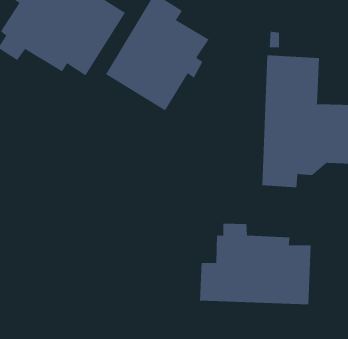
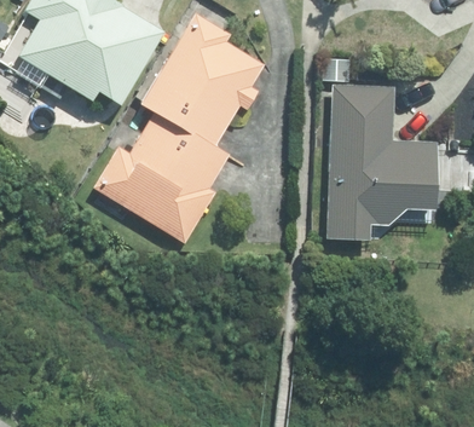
building: none -> [93,111,226,242]
building: [200,223,311,305] -> none

